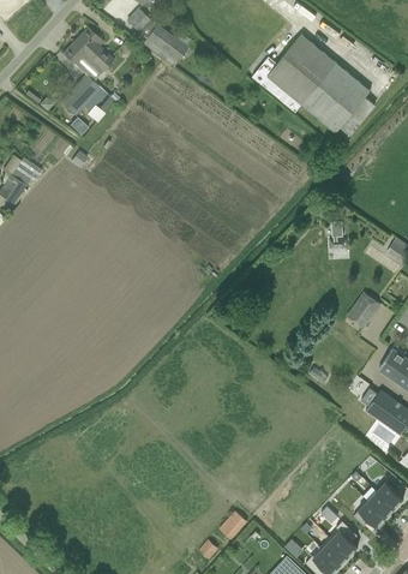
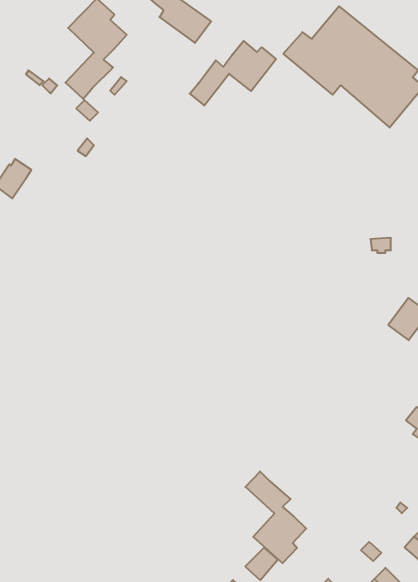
building: none -> [190,41,276,106]
building: none -> [245,471,306,563]

